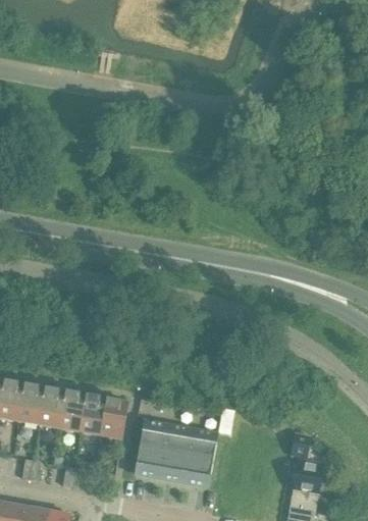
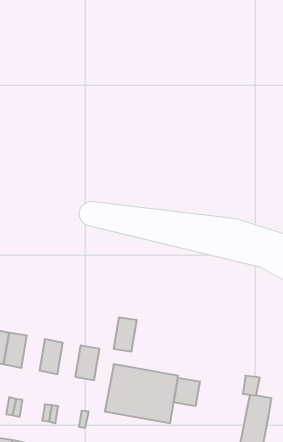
building: [39,387,65,427] -> none
building: [80,396,106,434] -> [114,317,137,351]
building: none -> [174,378,200,406]

